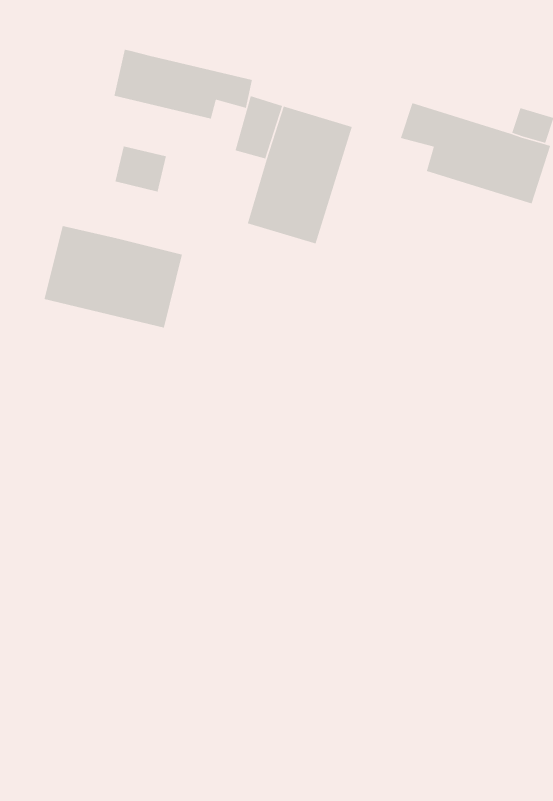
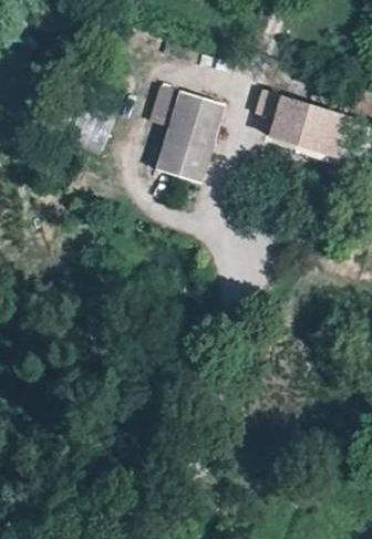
building: [113,49,253,120] -> none
building: [44,225,183,328] -> none

